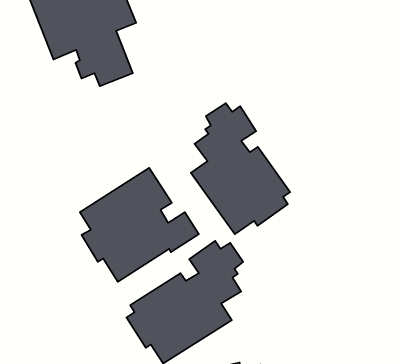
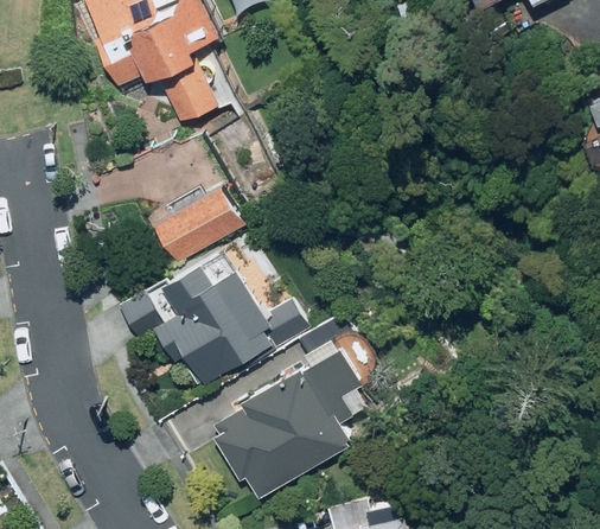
building: [191,103,290,234] -> none
building: none -> [151,183,245,263]

